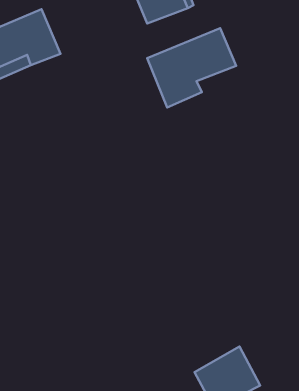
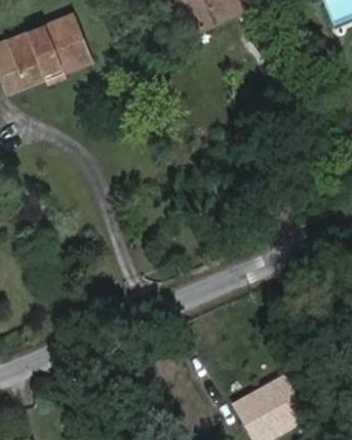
building: [147,28,236,108] -> none

